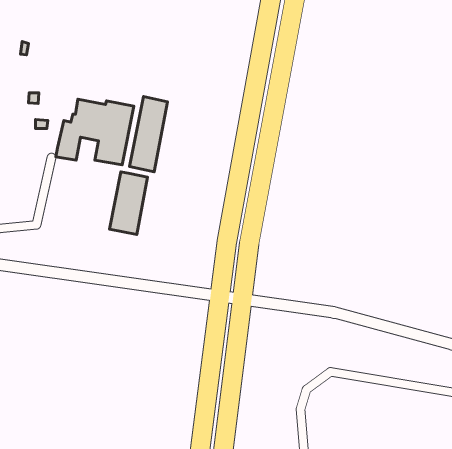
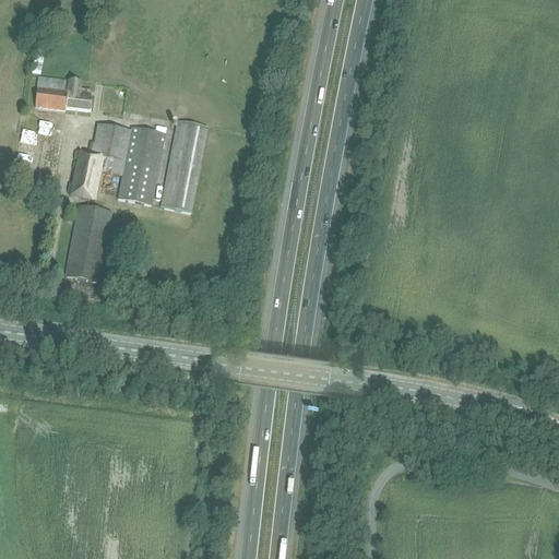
building: none -> [34,75,91,109]
building: [109,172,147,235] -> [63,203,110,281]

